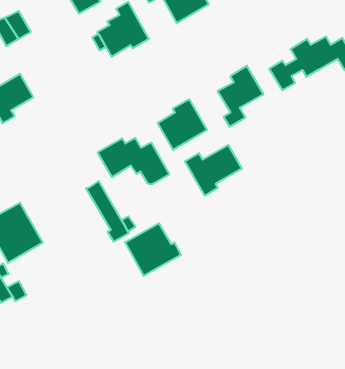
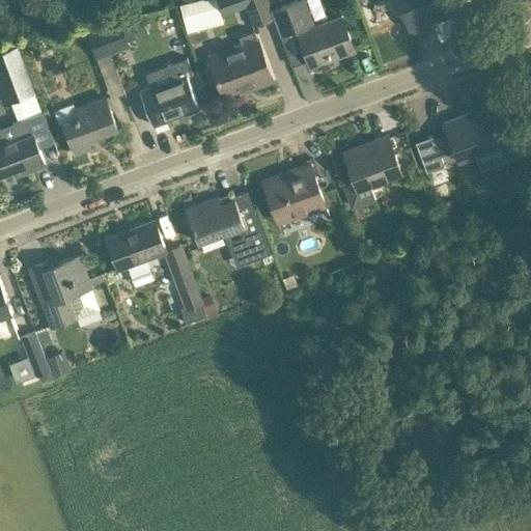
building: none -> [139,59,198,127]
building: [185,145,242,196] -> none
building: none -> [106,222,166,271]
building: [125,223,181,276] -> none

